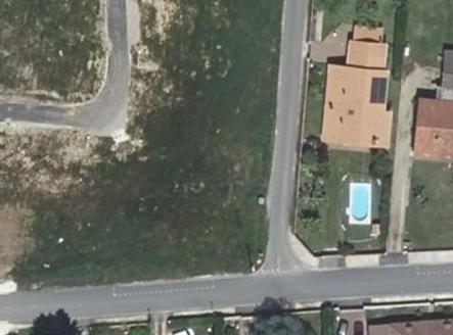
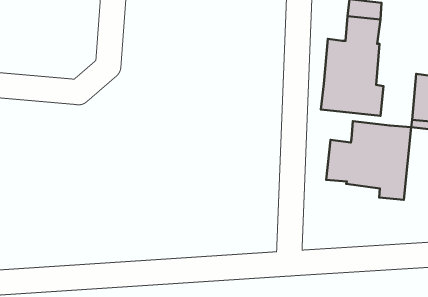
building: none -> [326,121,411,200]

